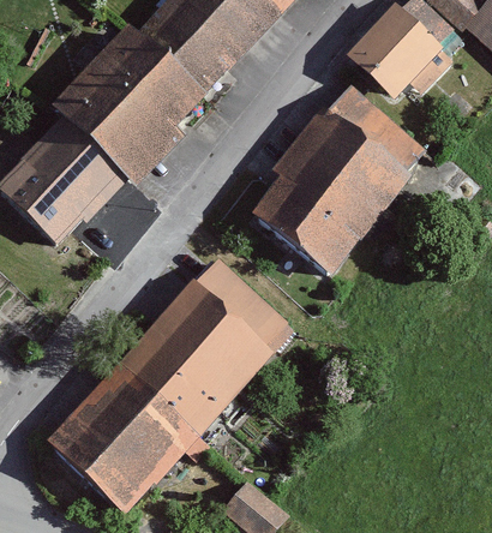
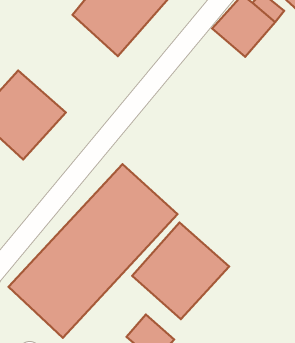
building: [47,22,205,180] -> none
building: [251,88,433,277] -> none
building: none -> [132,223,229,319]

